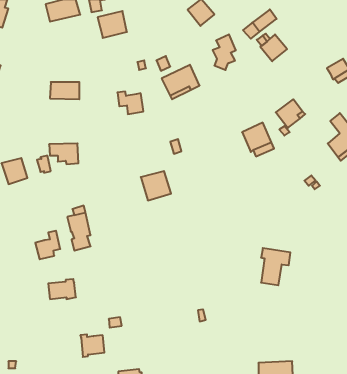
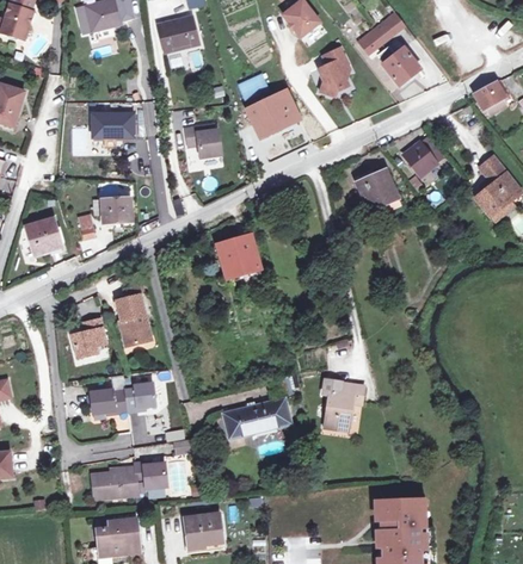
building: [261,248,290,285] -> [324,379,364,430]
building: none -> [223,376,293,438]
building: none -> [125,382,155,410]
building: none -> [91,466,137,498]

